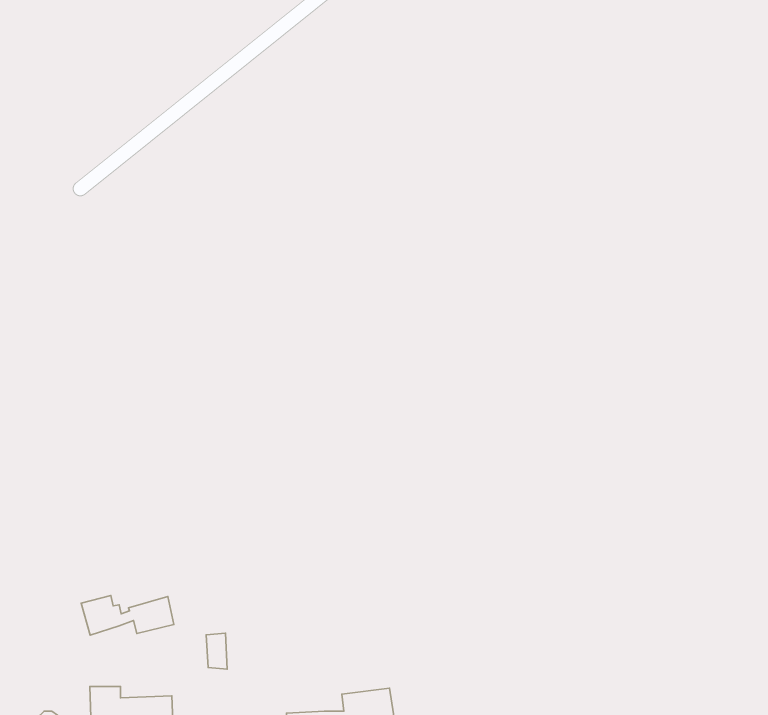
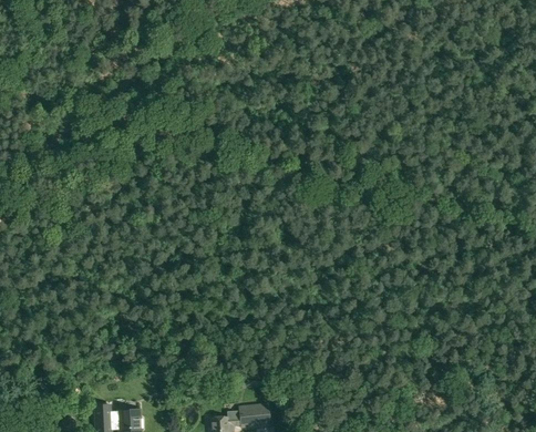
building: [81,595,174,635] -> none

